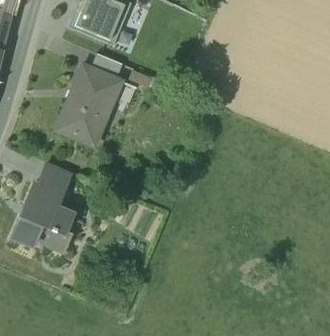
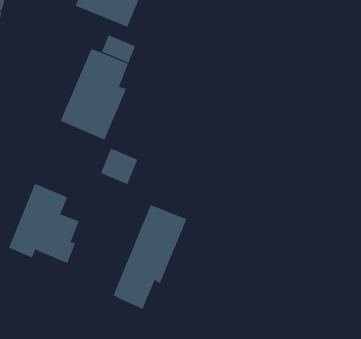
building: [39,162,72,194] -> [100,148,138,185]
building: none -> [113,204,187,309]

